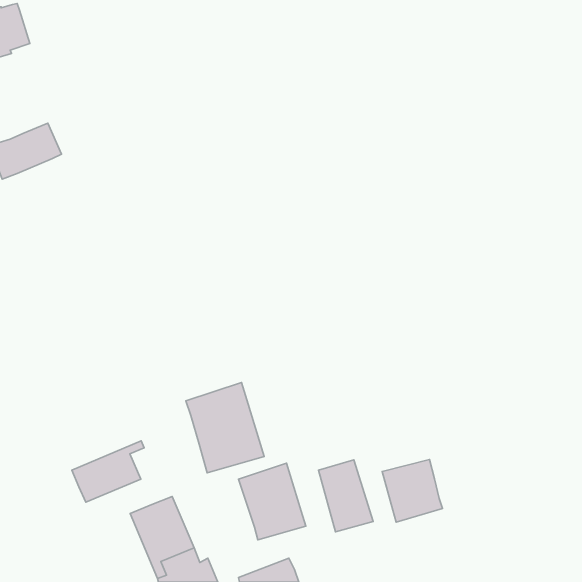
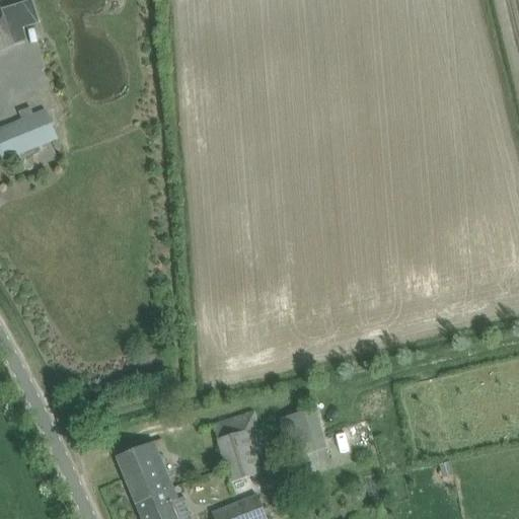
building: [186,382,264,473] -> none
building: [72,441,144,502] -> none
building: [382,459,442,522] -> none

